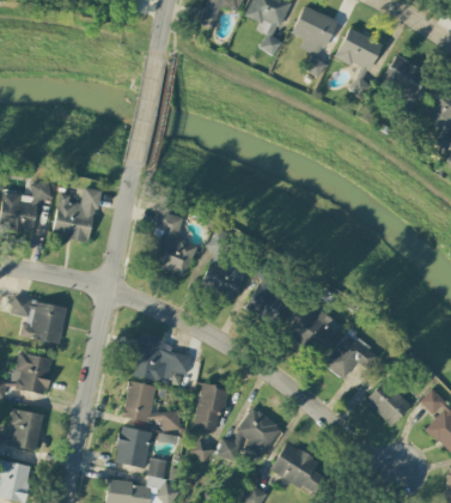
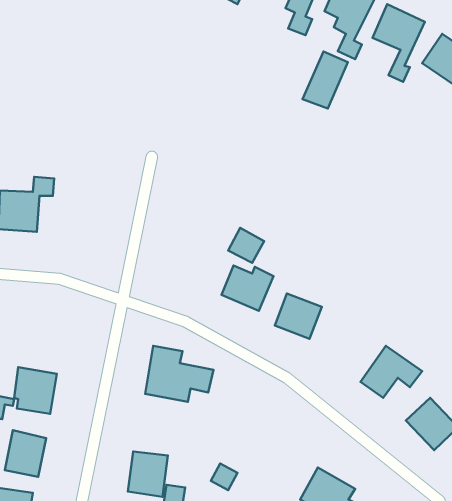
building: none -> [303,52,348,109]
building: [53,188,99,243] -> none
building: [154,211,196,277] -> none
building: [10,297,67,344] -> none
building: [290,310,341,356] -> none
building: [123,381,182,431] -> none
building: [194,384,226,431] -> none
building: [218,408,282,462] -> none

